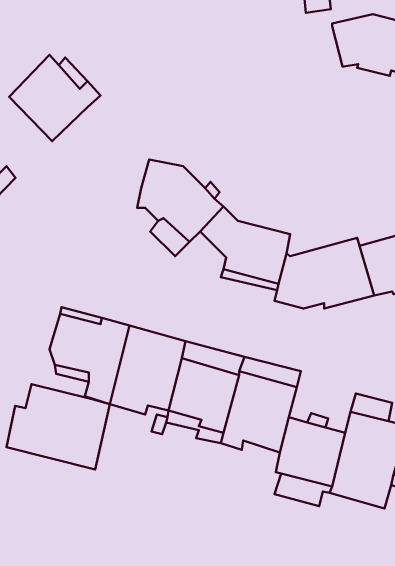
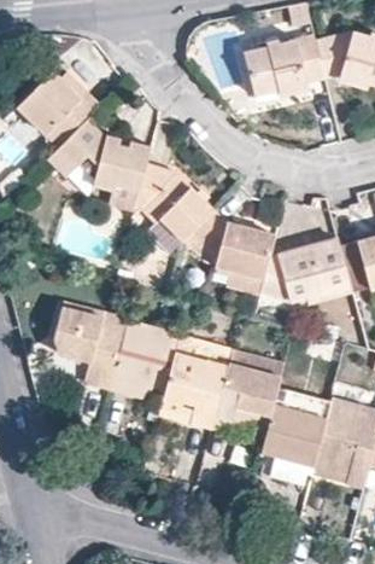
building: none -> [241,35,322,97]
building: none -> [45,117,148,192]
building: [7,384,110,469] -> none

